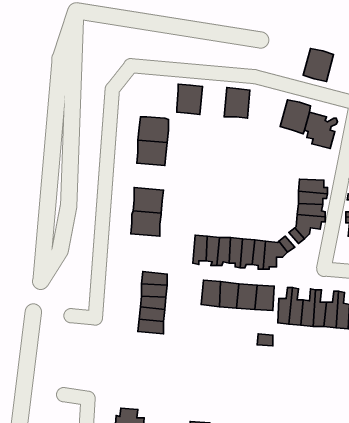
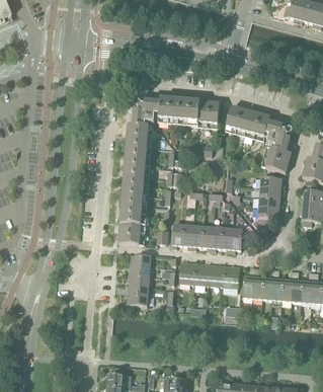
building: [303,48,334,81] -> [225,105,250,133]
building: none -> [177,99,199,125]
building: none -> [133,100,159,126]
building: none -> [262,146,291,172]
building: none -> [123,163,148,185]
building: none -> [118,222,144,244]

